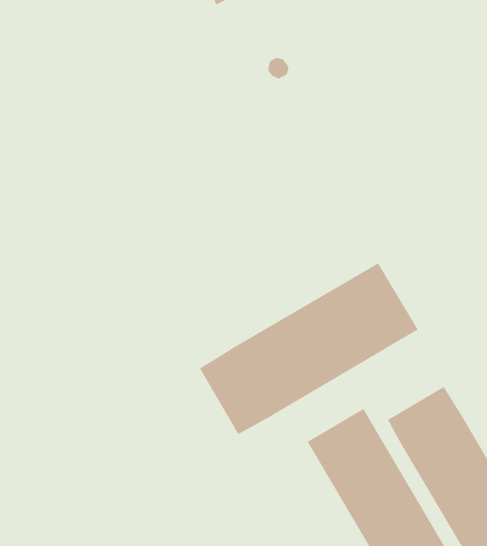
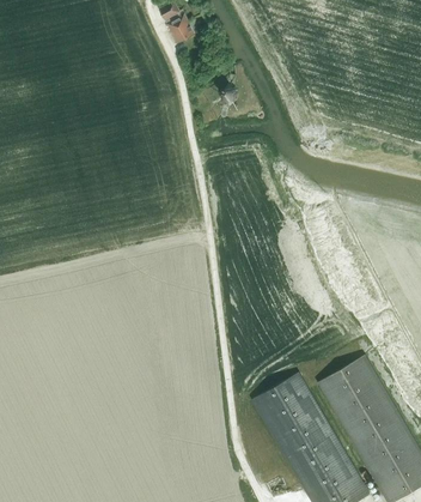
building: [199,262,419,435] -> none

